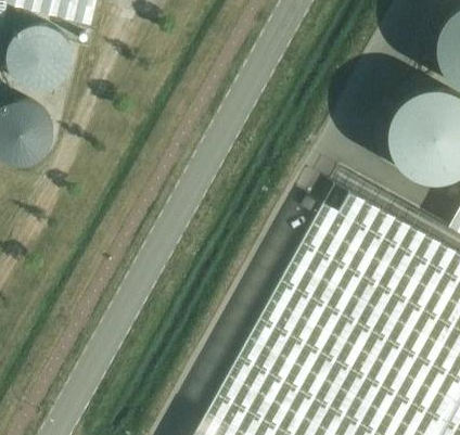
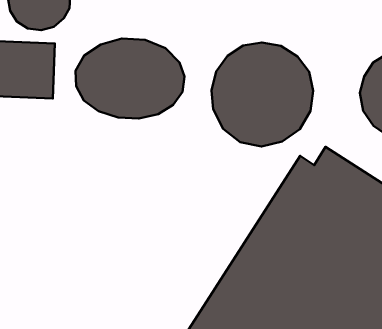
building: none -> [211,42,313,146]
building: none -> [76,39,184,118]

